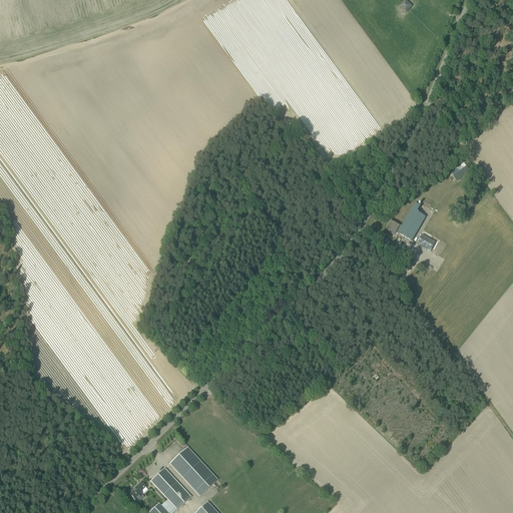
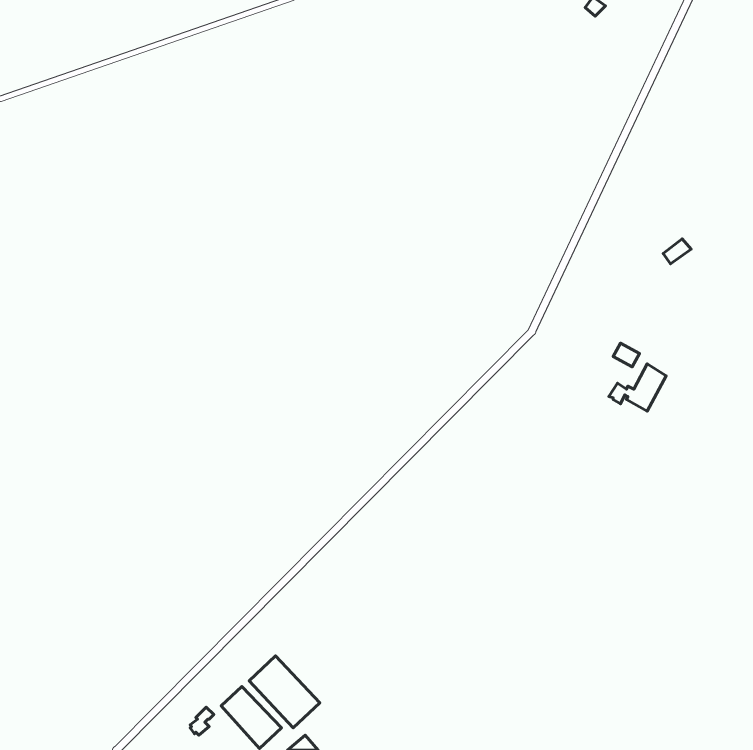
building: [386,207,425,239] -> [609,364,666,411]

